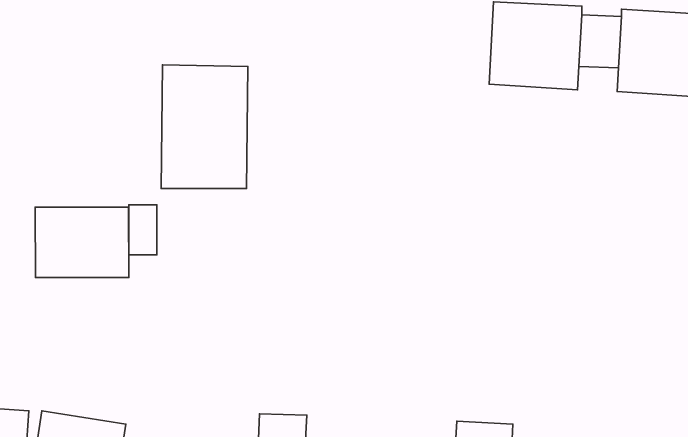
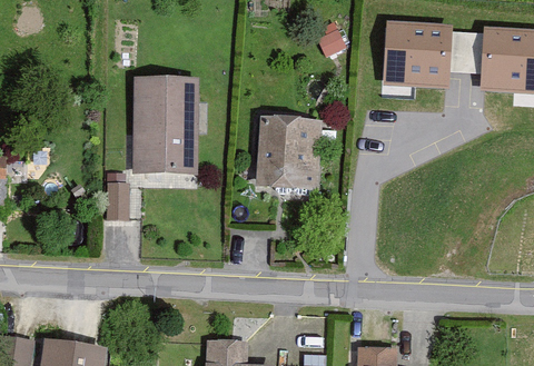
building: none -> [256,115,323,187]
building: [35,207,129,277] -> none

